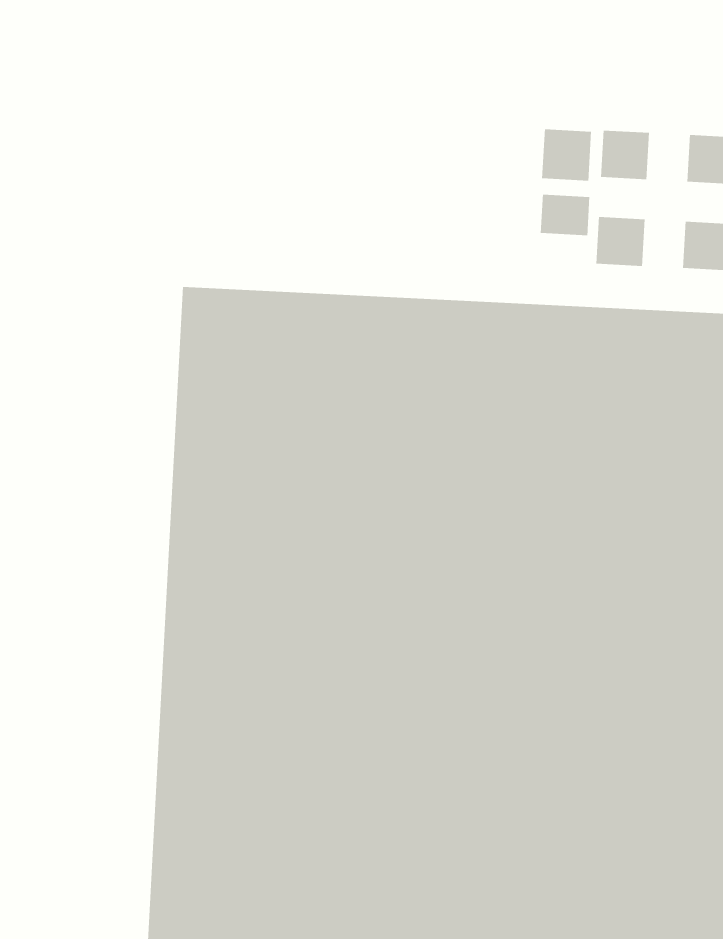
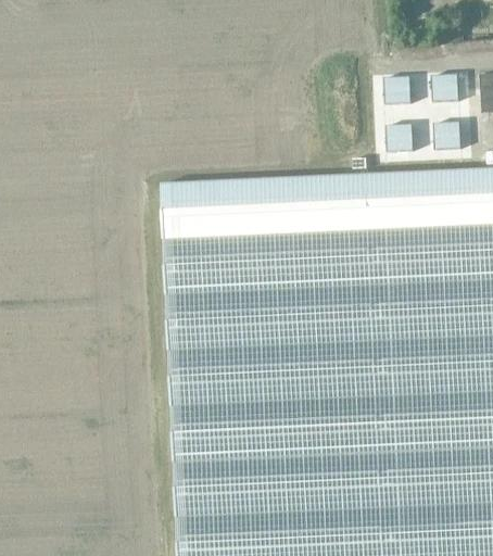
building: [542,128,592,181] -> none
building: [540,194,590,236] -> none

